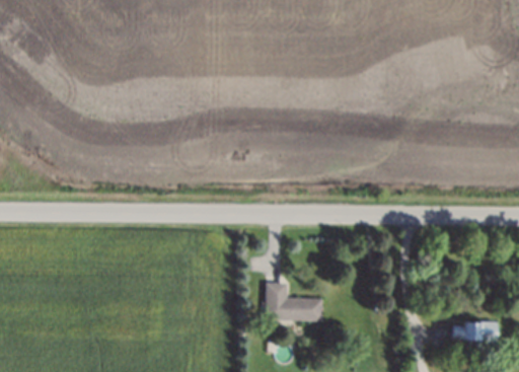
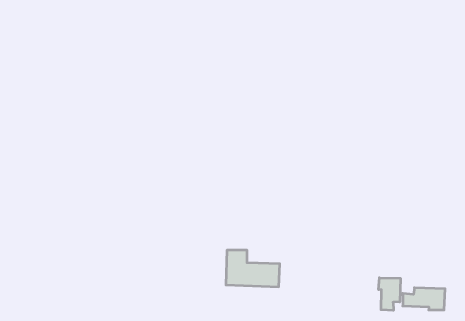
building: none -> [379,278,400,310]

